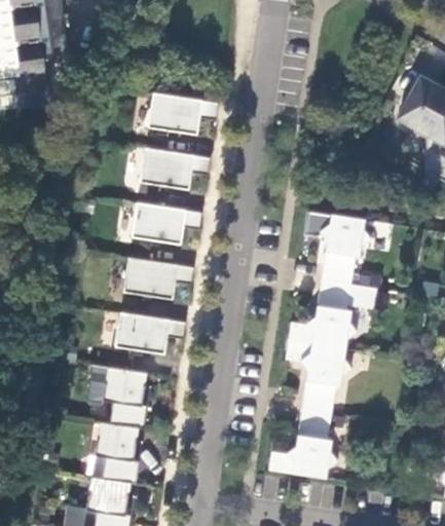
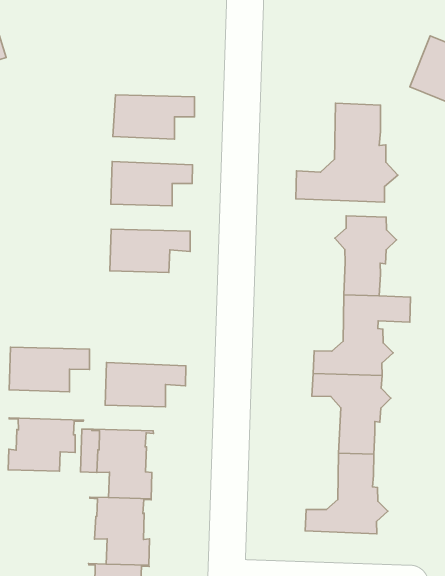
building: none -> [296,103,398,202]
building: [123,258,193,300] -> [9,347,90,392]
building: none -> [8,418,83,471]

